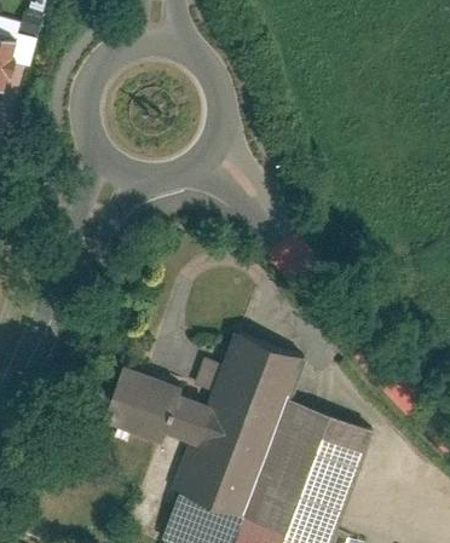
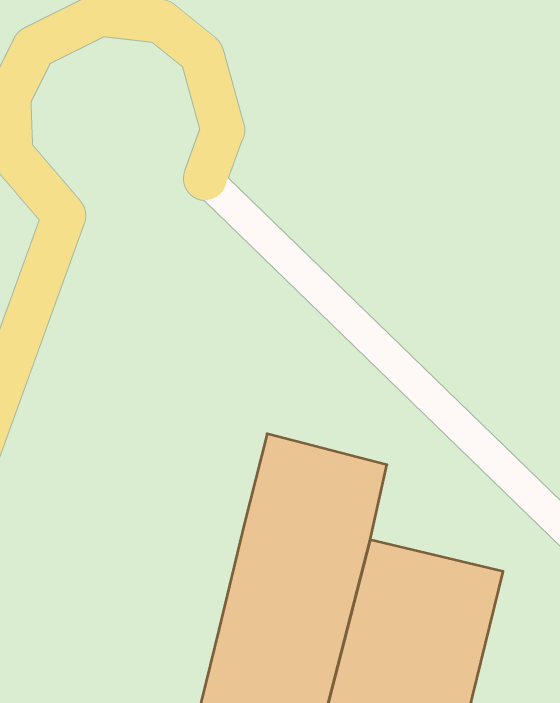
building: [104,357,208,451] -> none

